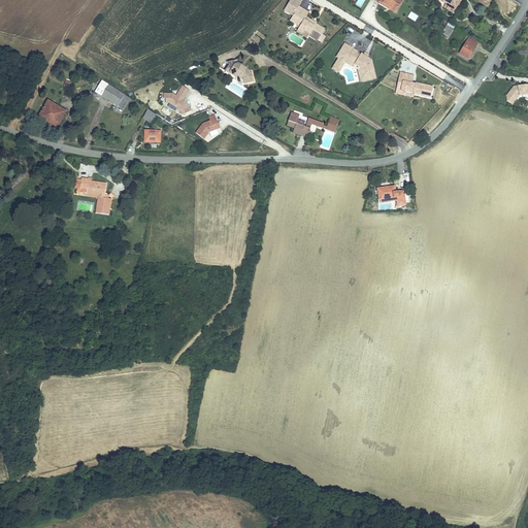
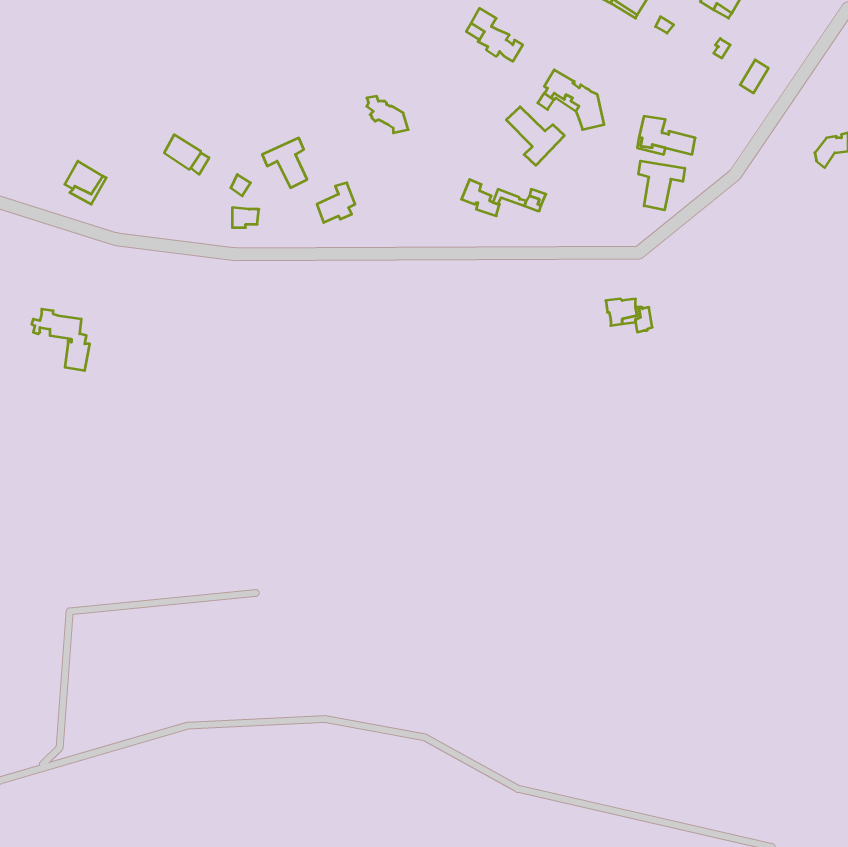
building: none -> [506,107,564,165]
building: none -> [639,161,685,210]
building: [75,176,111,214] -> [32,309,90,371]

